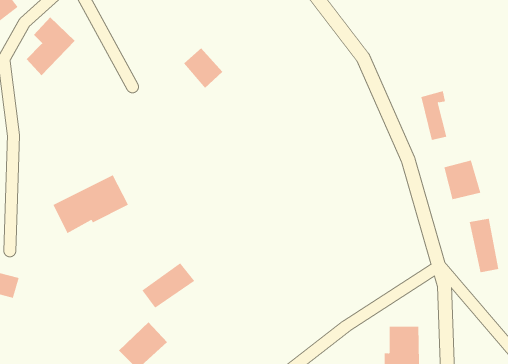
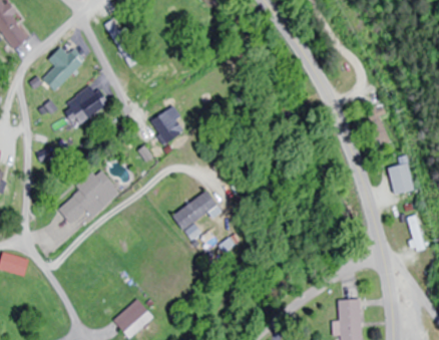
building: [183,48,223,89] -> [146,113,179,147]
building: none -> [57,85,102,125]
building: [142,263,195,309] -> [169,189,213,227]

